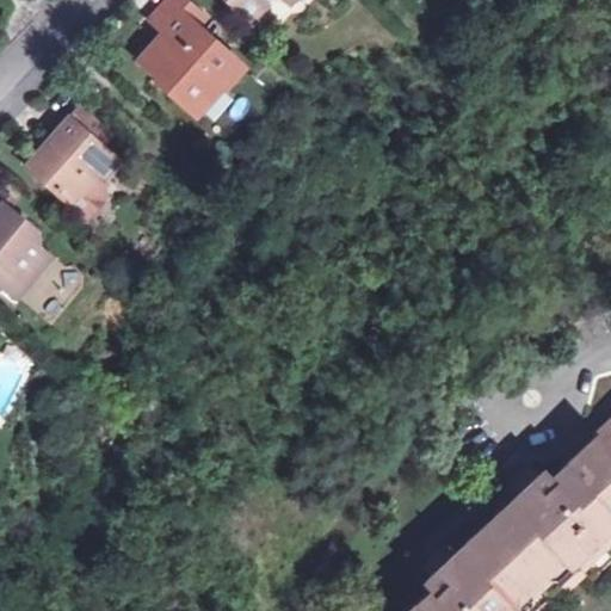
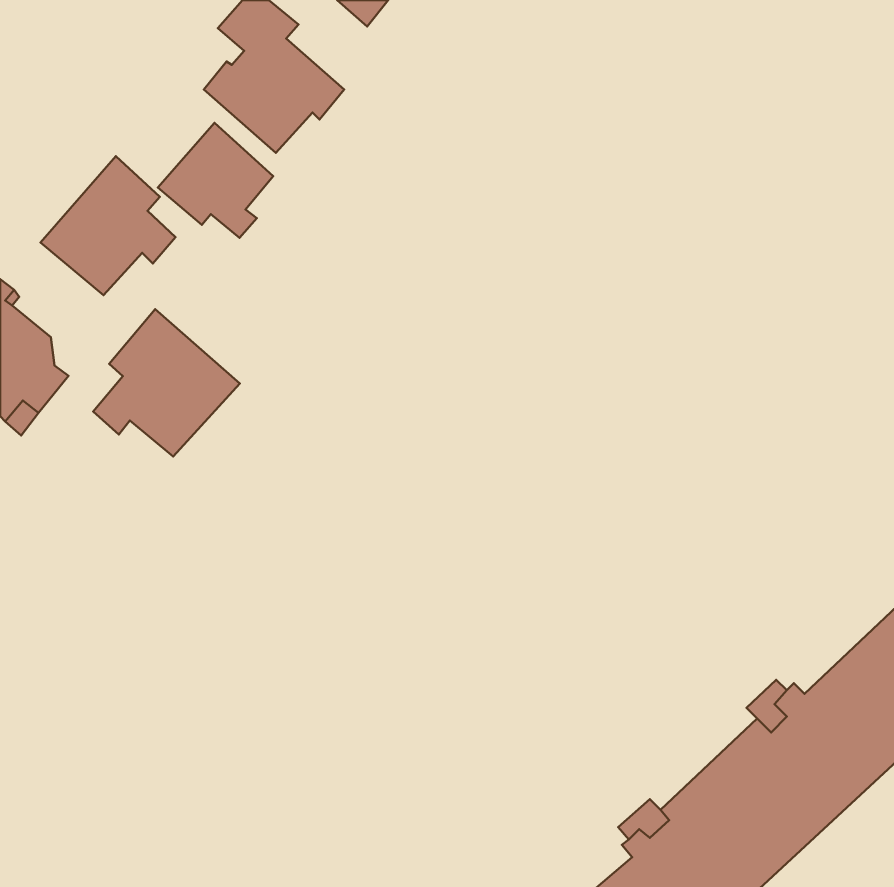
building: none -> [158,123,273,238]
building: none -> [93,309,240,456]

